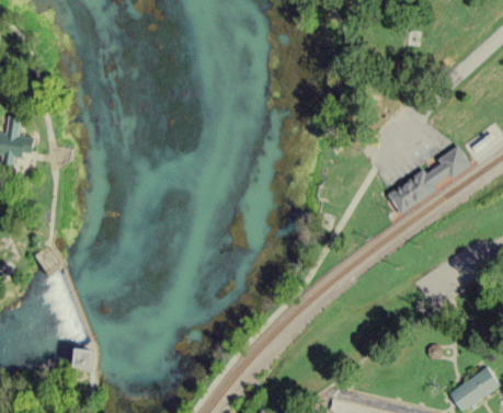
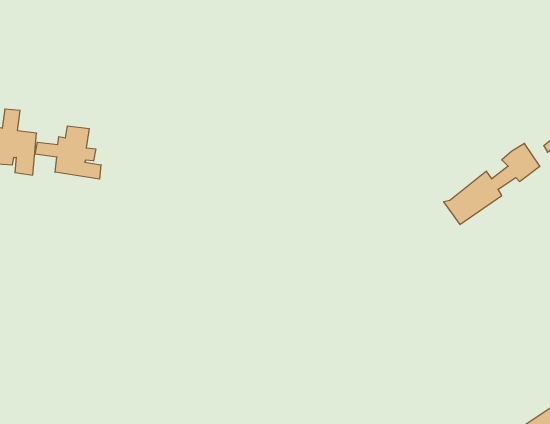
building: none -> [35,126,101,179]

